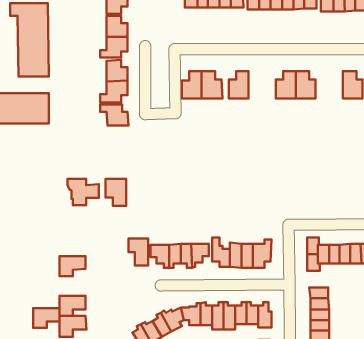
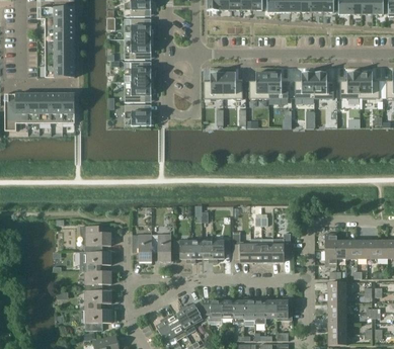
building: none -> [268,73,289,99]
building: none -> [340,73,360,99]
building: [105,179,126,206] -> [132,235,152,261]
building: [67,179,99,205] -> [80,227,110,252]
building: [33,308,59,328] -> [85,271,110,290]

